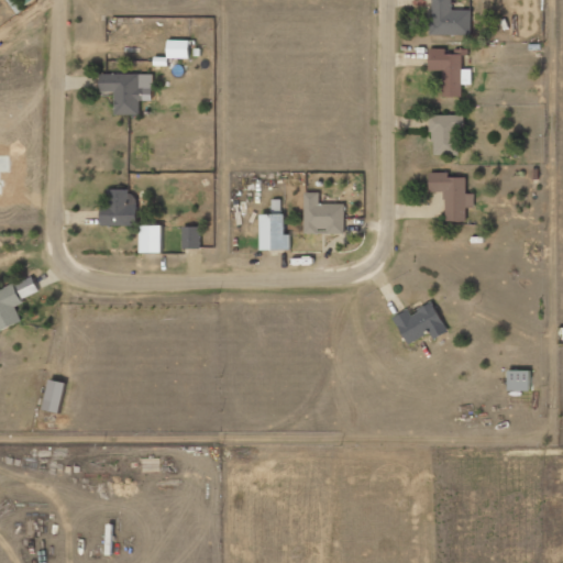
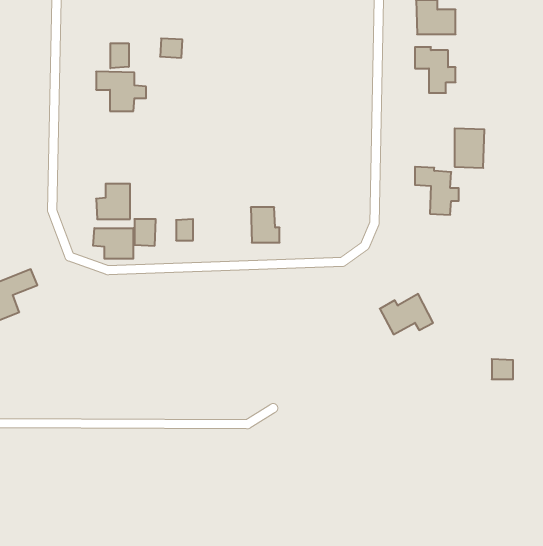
building: none -> [110,43,129,68]
building: [430,114,461,155] -> [455,128,484,168]
building: [302,192,344,234] -> none
building: none -> [93,228,133,259]
building: [42,379,64,413] -> none

